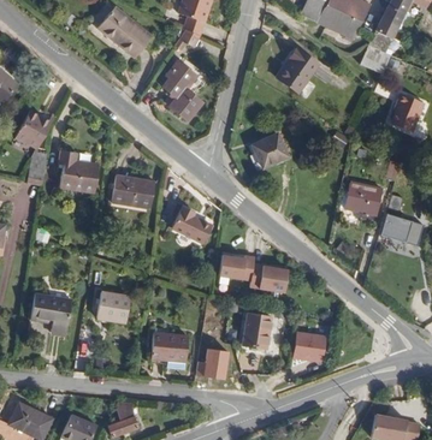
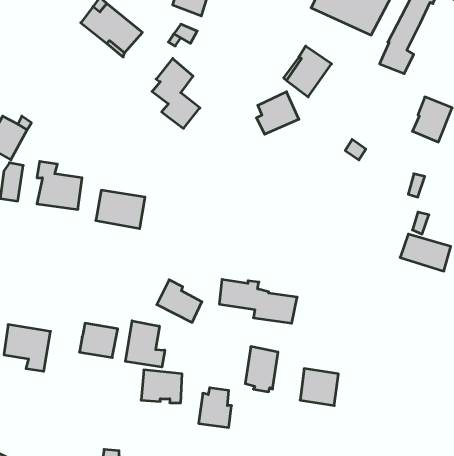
building: [250,132,288,170] -> [256,92,299,134]
building: [344,182,381,214] -> none
building: [171,206,211,243] -> [157,280,202,322]
building: none -> [125,321,165,367]

